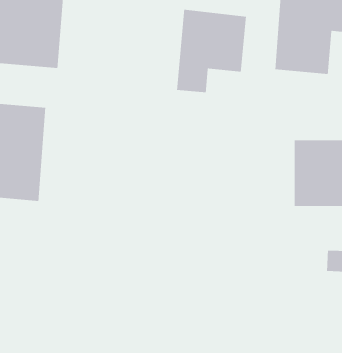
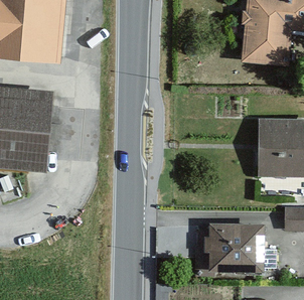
building: [176,9,247,93] -> none
building: none -> [208,222,262,269]

